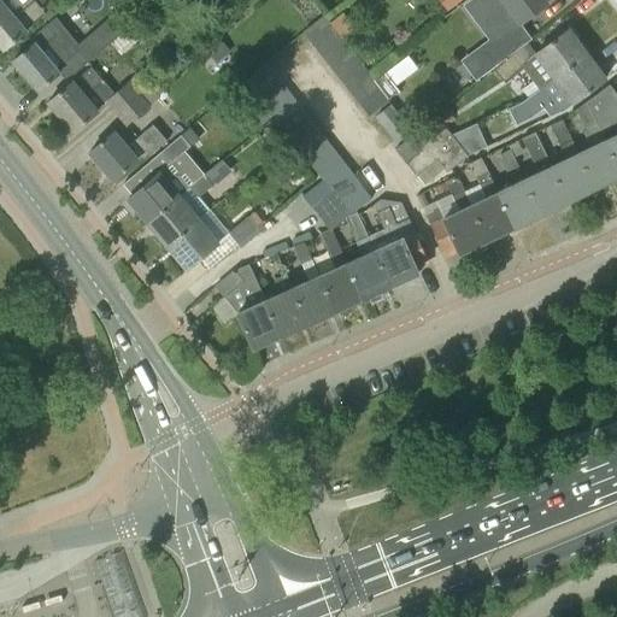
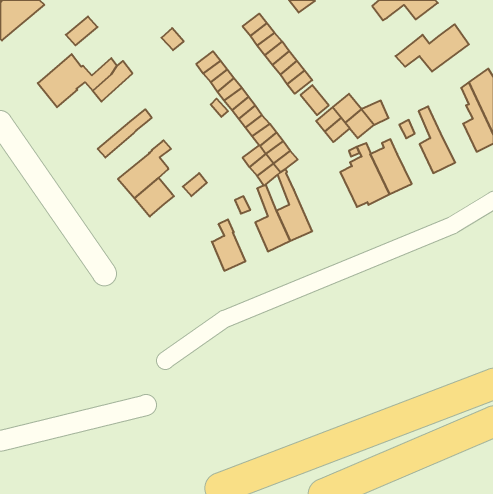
building: [13,19,80,92] -> none
building: [465,24,531,83] -> none
building: [521,55,605,118] -> none
building: [551,119,595,202] -> none
building: [89,125,168,181] -> none
building: [129,153,204,223] -> none
building: [496,180,541,229] -> none
building: [368,200,428,288] -> none
building: [216,265,281,349] -> none
building: [292,277,335,325] -> none

